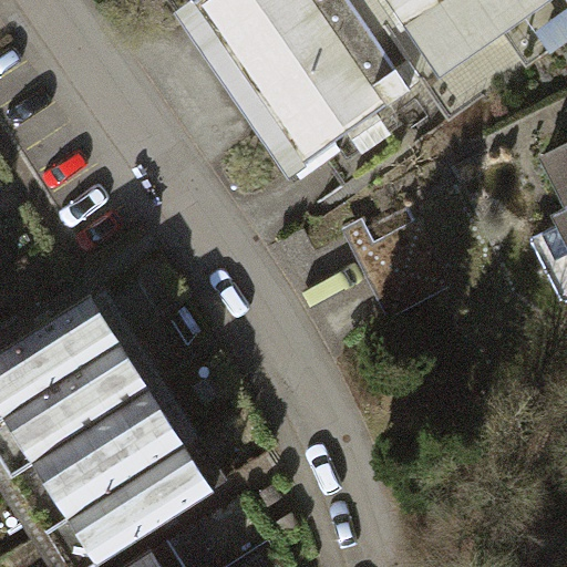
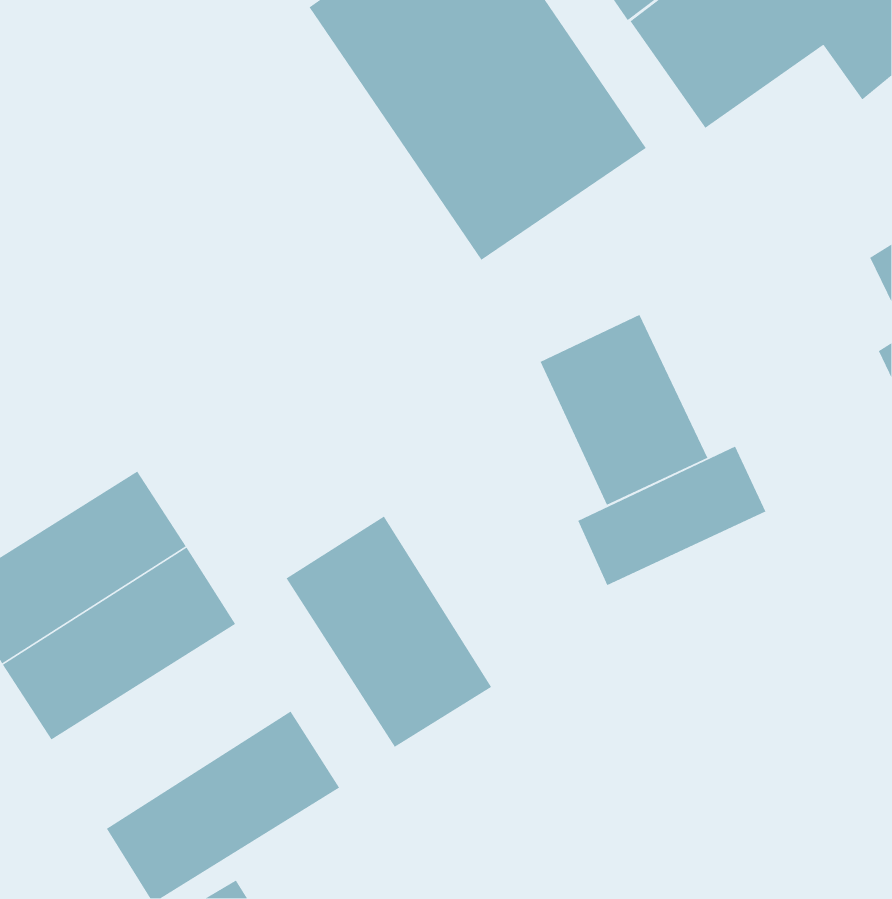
building: none -> [577,446,766,586]
building: none -> [285,516,492,748]
building: [32,392,183,520] -> none

